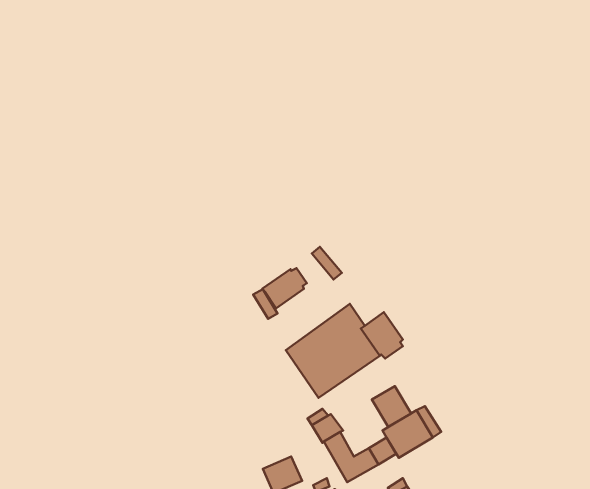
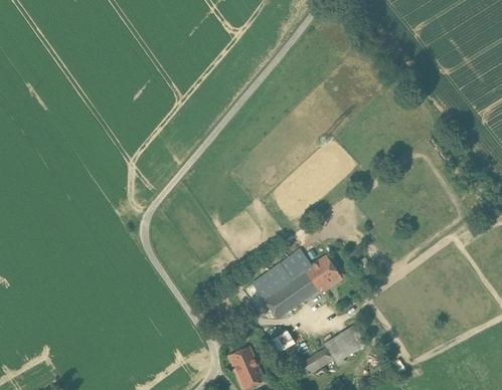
building: [262,268,307,308] -> none
building: [372,386,411,427] -> none
building: none -> [228,346,257,370]

